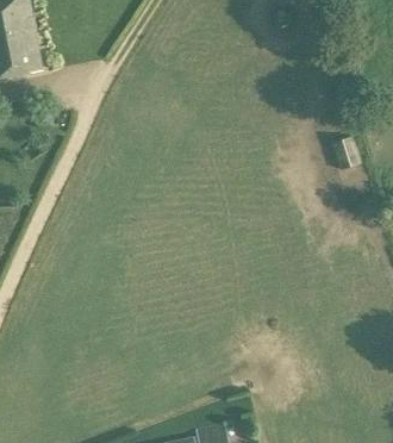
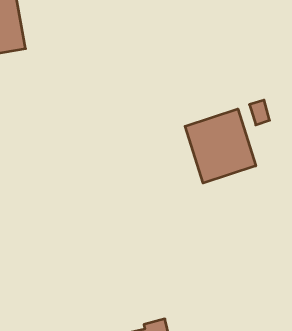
building: none -> [185,109,256,183]

